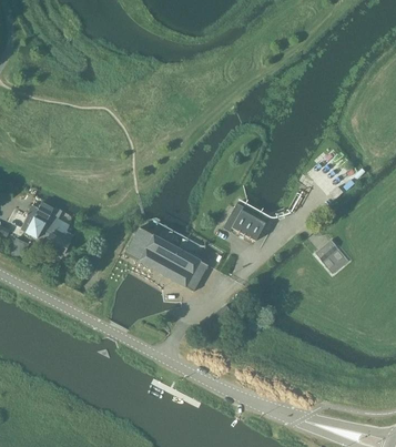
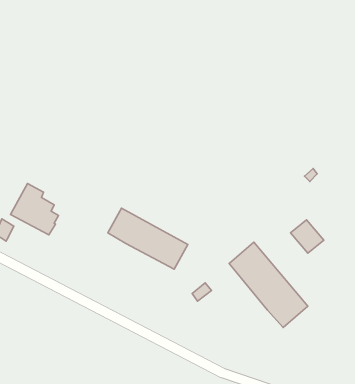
building: [224,202,267,240] -> none
building: none -> [229,242,308,327]

